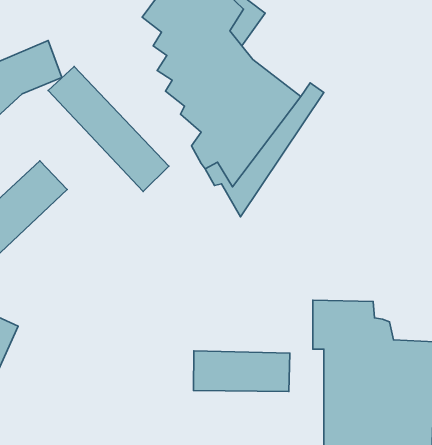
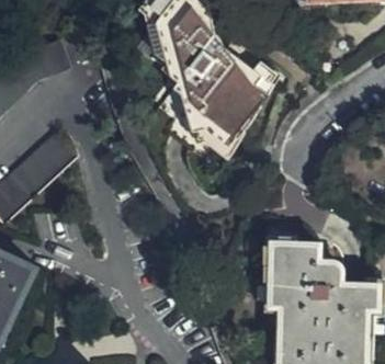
building: [48,66,169,192] -> none
building: [194,351,290,392] -> none

